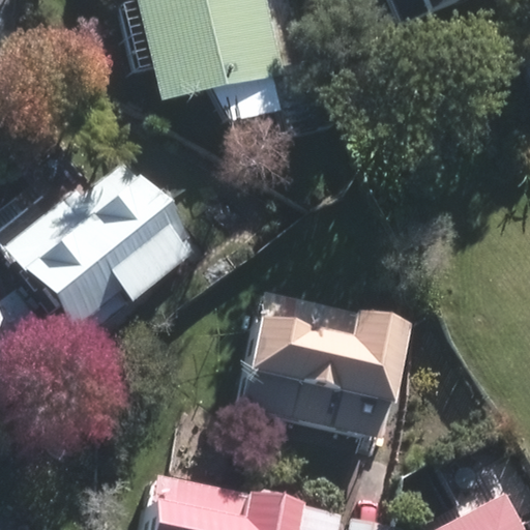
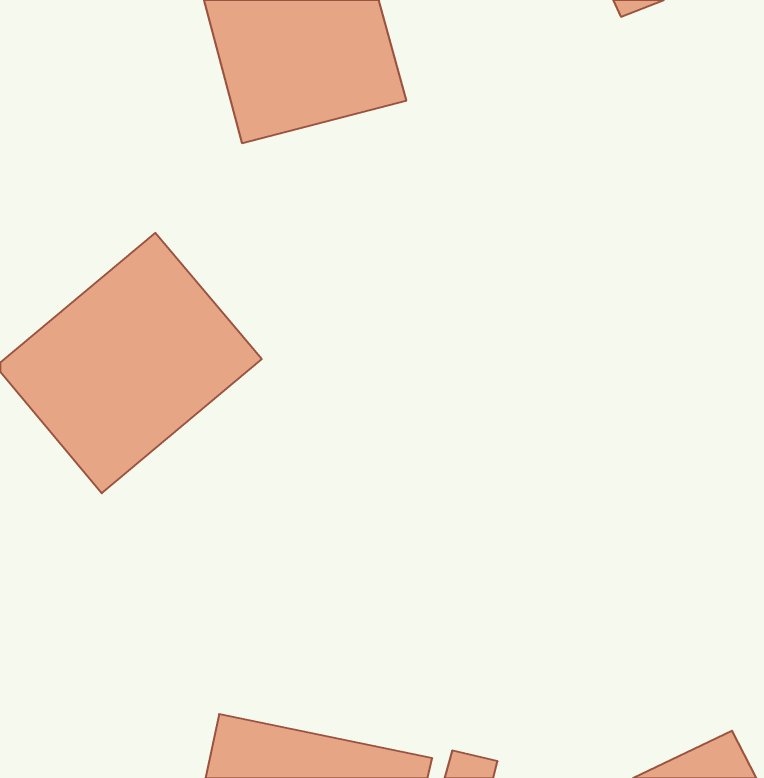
building: [242,296,410,439] -> none

